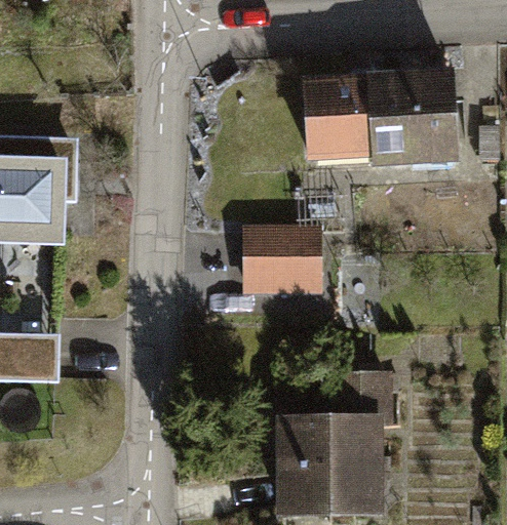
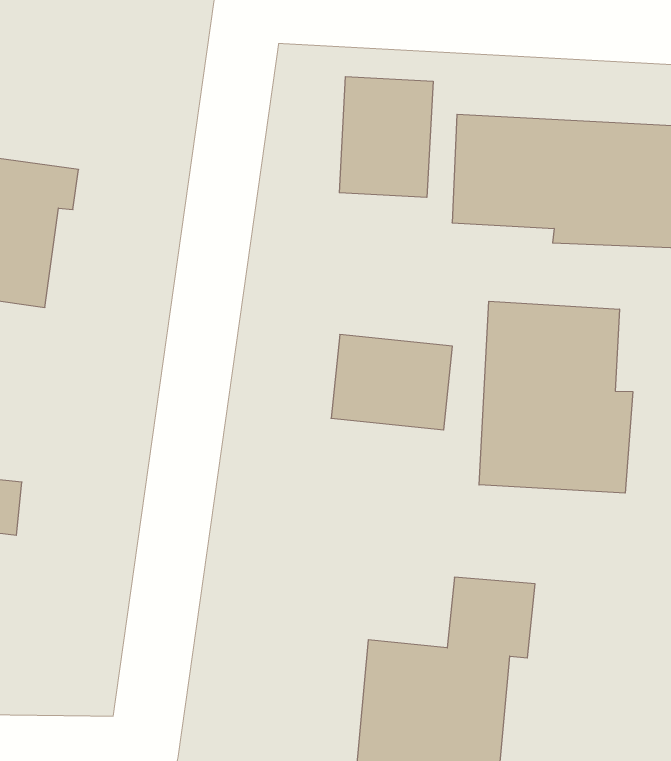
building: none -> [339,77,433,197]
building: none -> [479,301,633,493]

